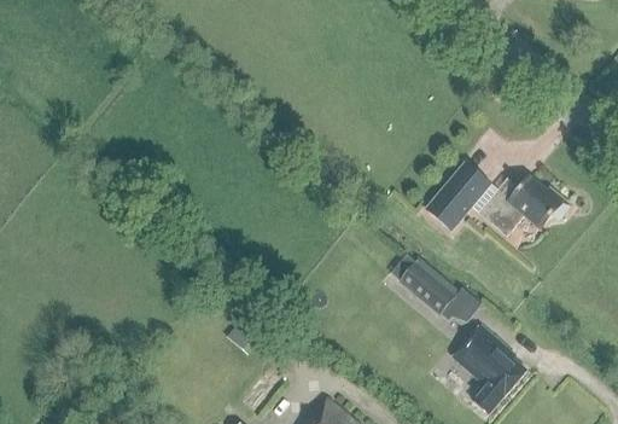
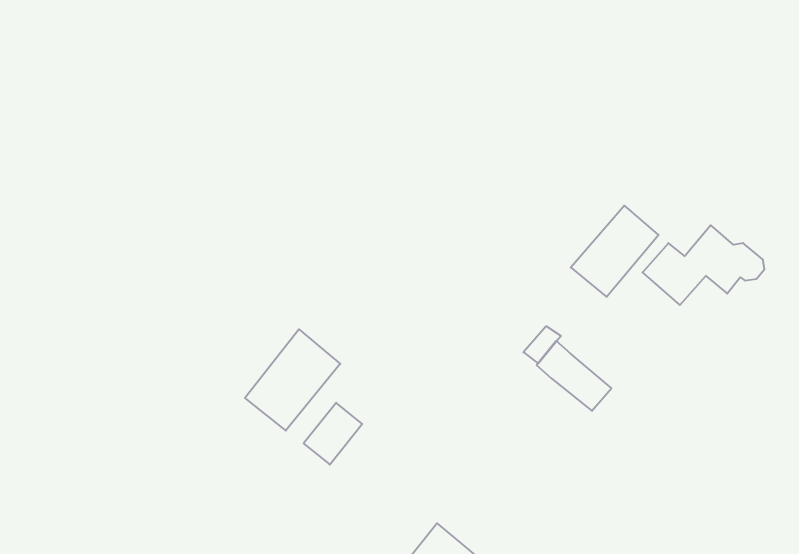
building: none -> [245,329,340,431]
building: [442,286,483,320] -> none
building: [451,324,526,414] -> none

